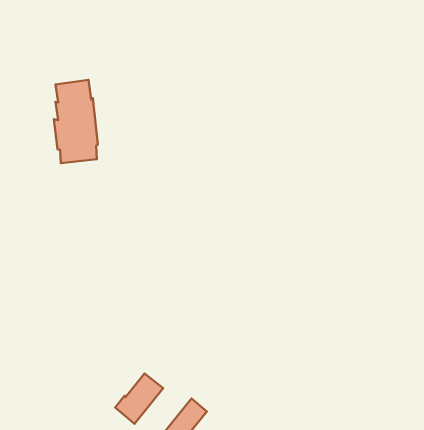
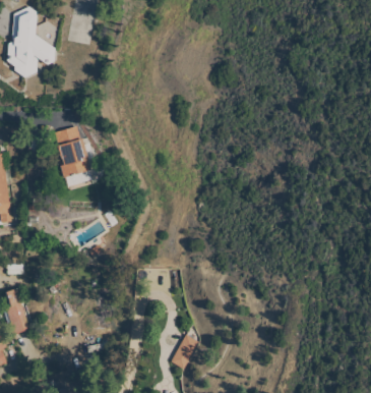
building: [115,373,163,424] -> none

